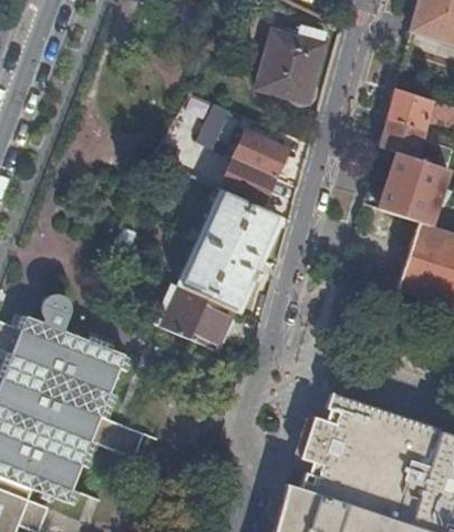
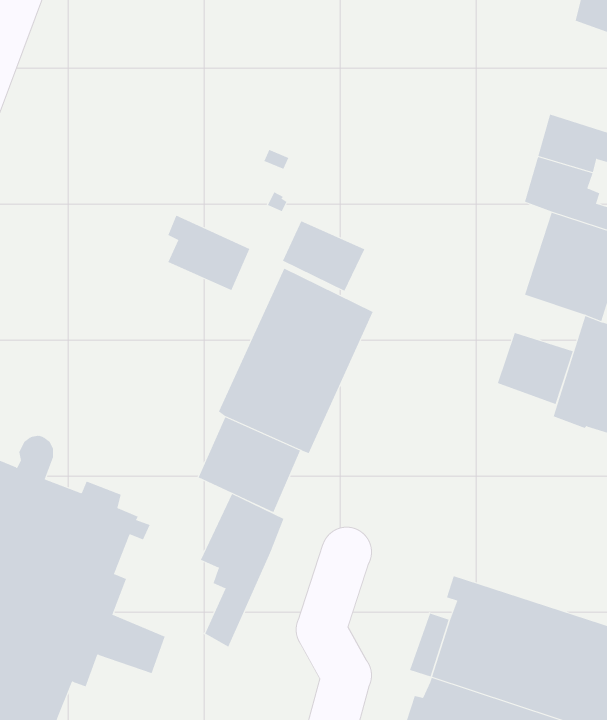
building: [256,32,323,104] -> none
building: [231,130,286,180] -> [167,215,250,291]
building: none -> [497,332,574,405]
building: none -> [200,493,284,647]

